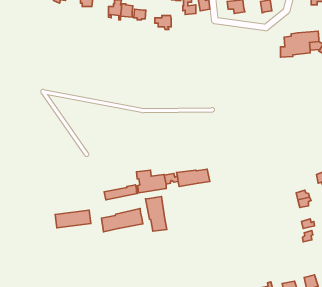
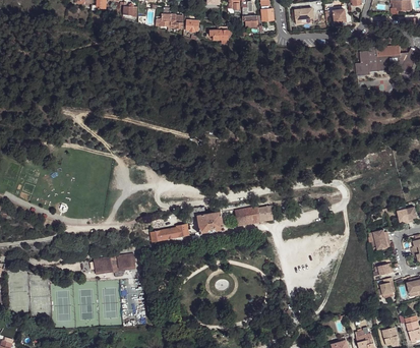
building: [146,196,167,231] -> none
building: [102,208,143,232] -> none

